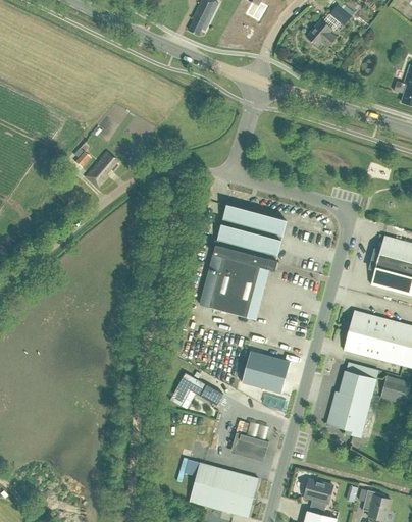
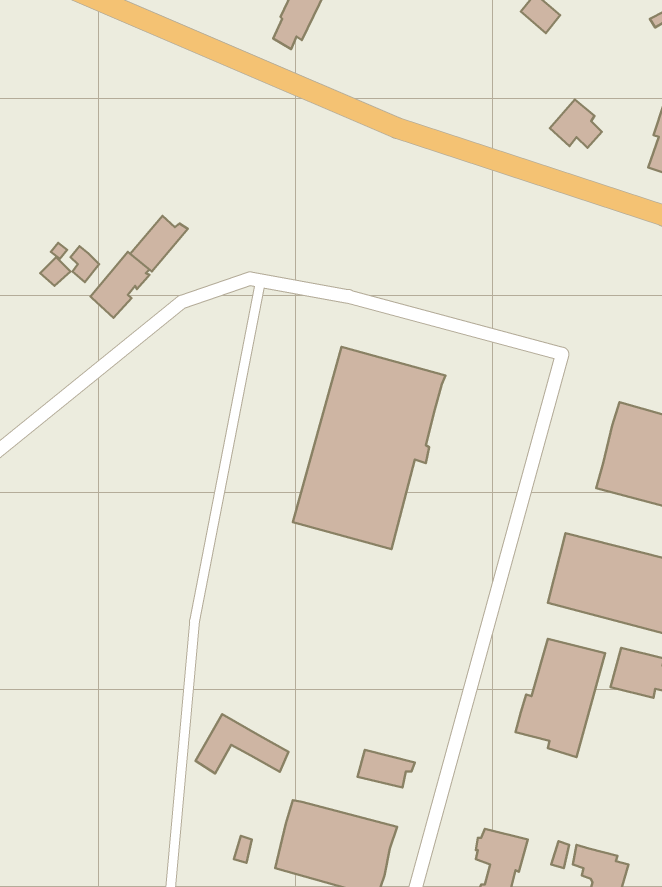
building: [307,20,337,48] -> [550,100,602,148]
building: none -> [130,216,188,271]
building: [242,351,291,393] -> none
building: [170,372,223,406] -> [195,714,289,773]

